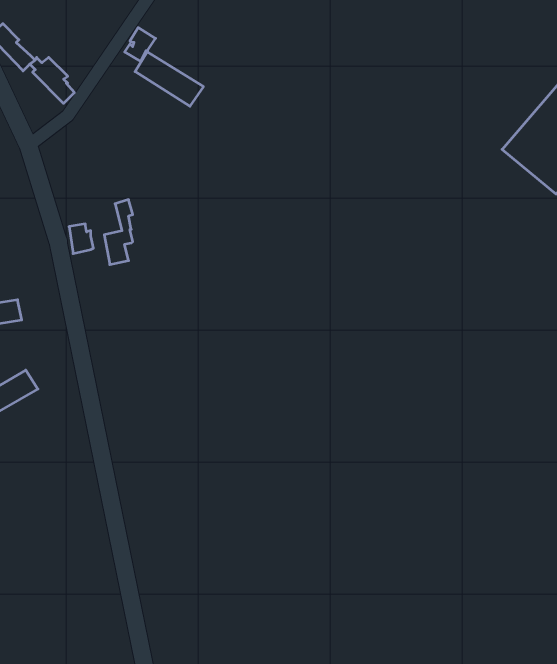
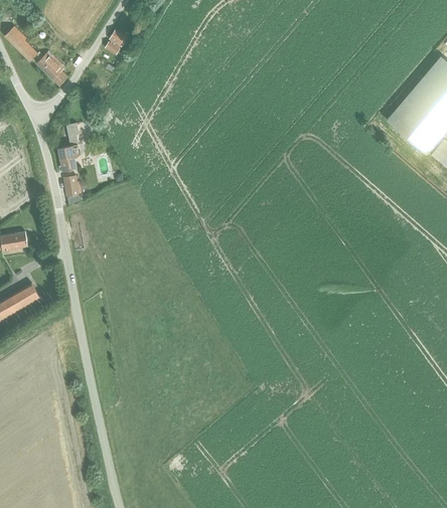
building: [135,52,203,106] -> none
building: [104,200,133,265] -> [58,123,80,171]

